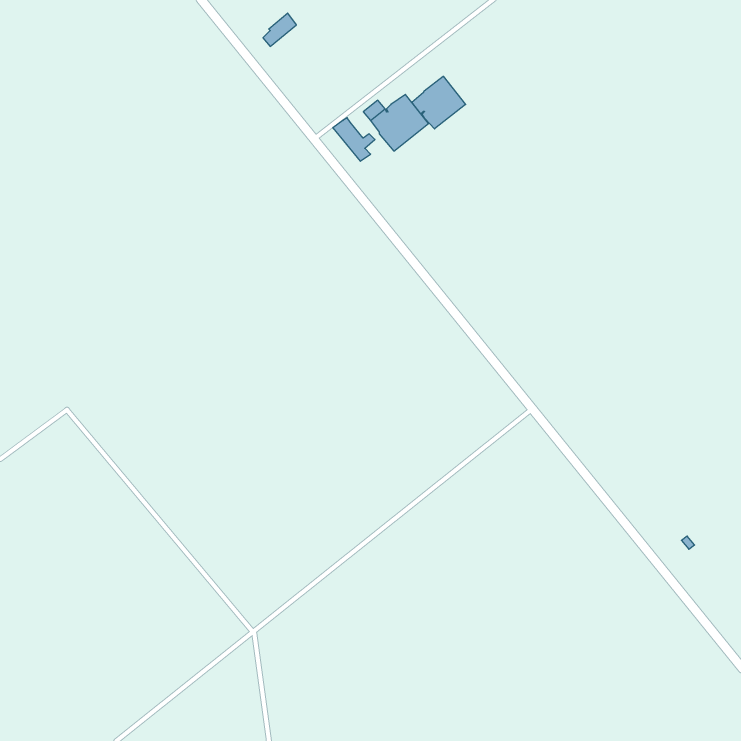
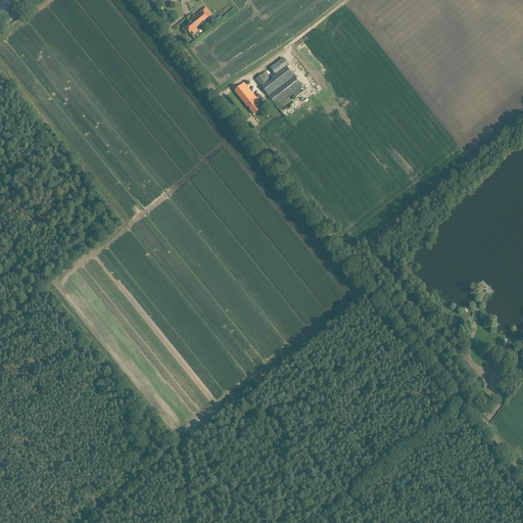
building: [412,76,466,129] -> none

